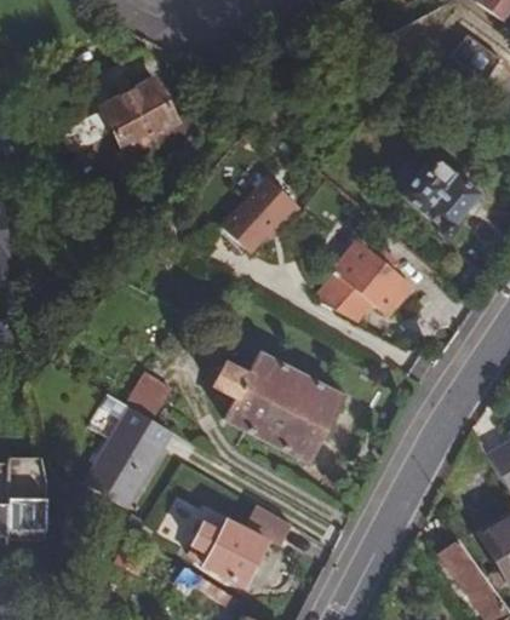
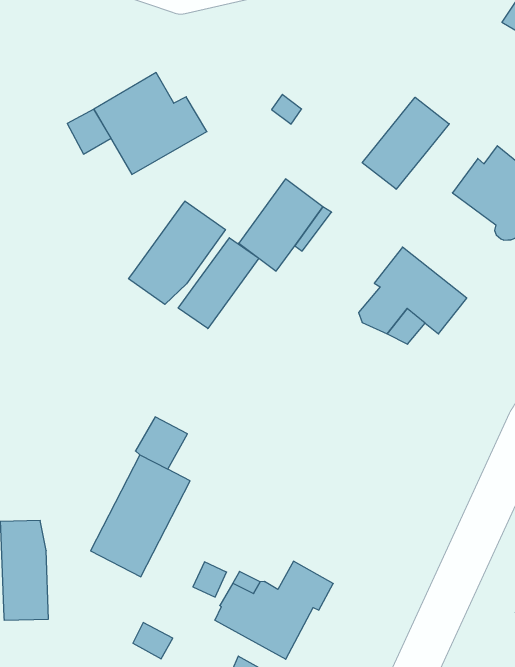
building: none -> [362,97,449,189]
building: none -> [129,201,225,304]
building: none -> [178,238,259,329]
building: [211,351,343,460] -> none

